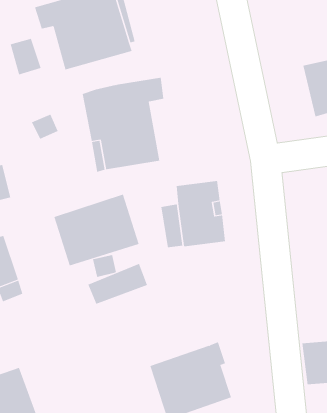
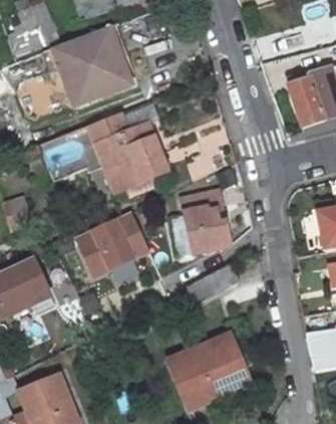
building: [87,263,148,304] -> [187,263,241,303]

